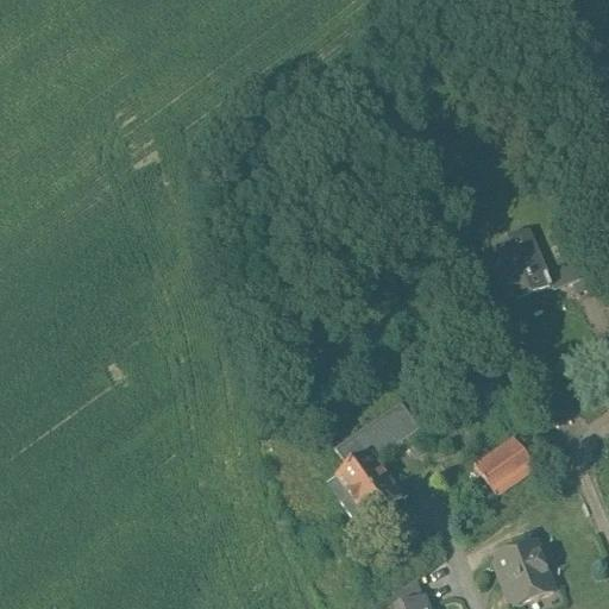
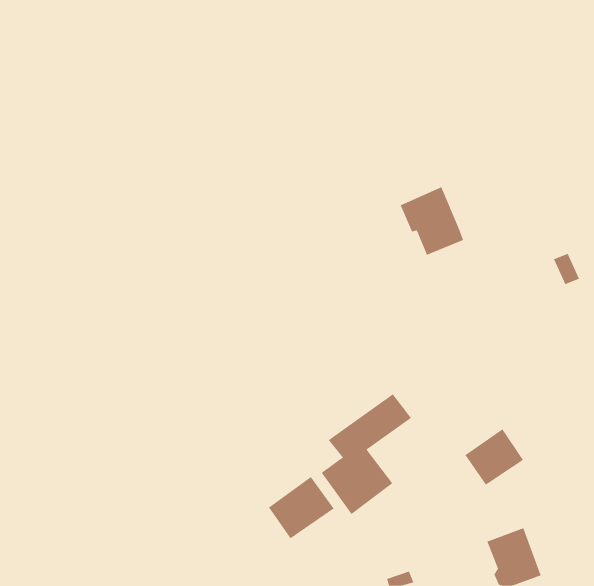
building: [484,227,550,297] -> [400,187,464,255]
building: none -> [268,476,334,539]

